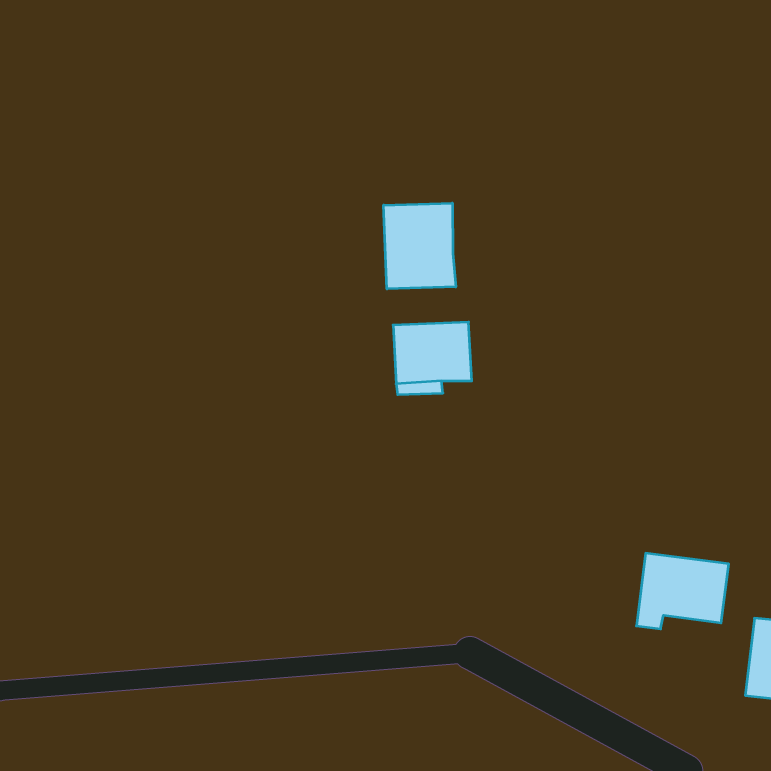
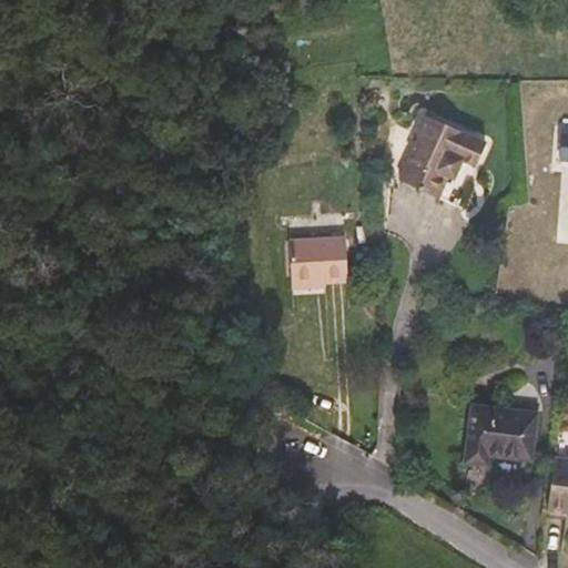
building: none -> [400,113,486,196]
building: [384,203,456,289] -> none

